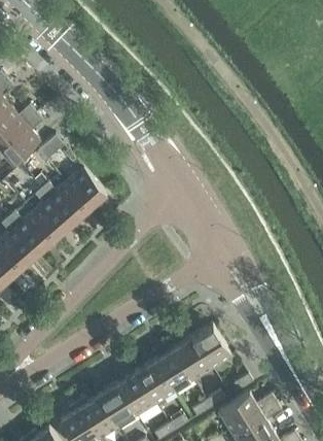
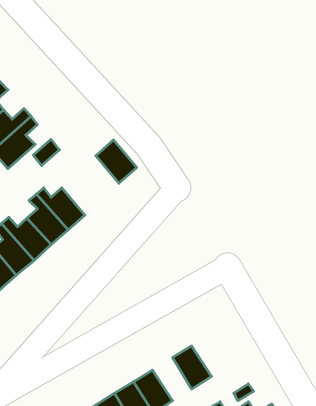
building: [66,169,106,211] -> [96,140,137,183]
building: [192,327,231,369] -> none
building: [154,350,192,393] -> none

